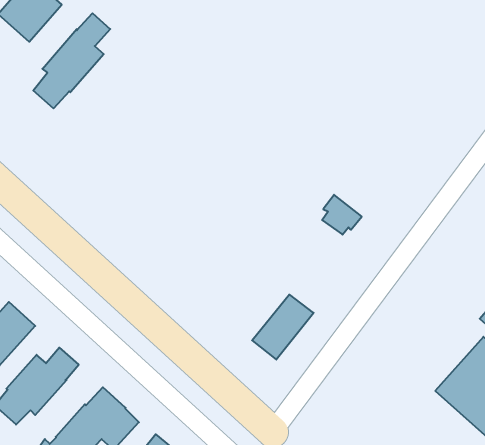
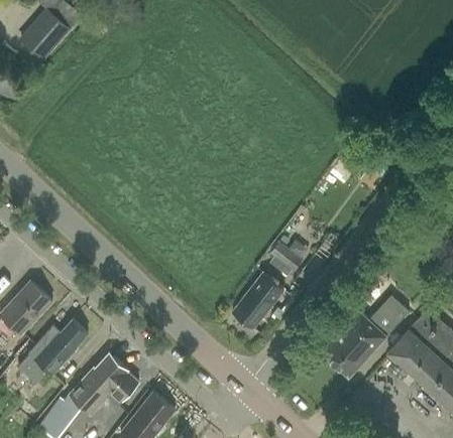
building: [33,13,110,108] -> none
building: [322,195,362,235] -> [269,243,303,276]
building: none -> [322,303,408,377]

